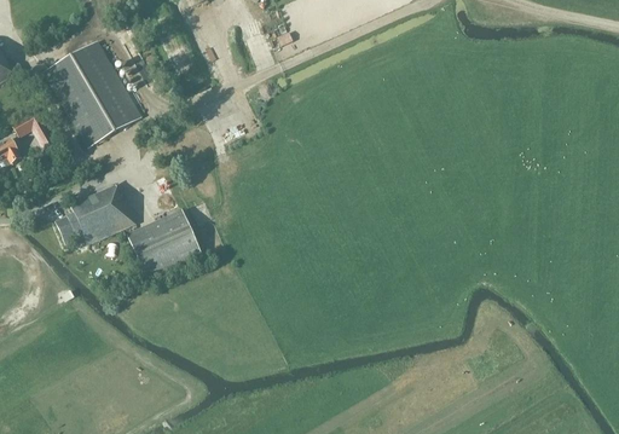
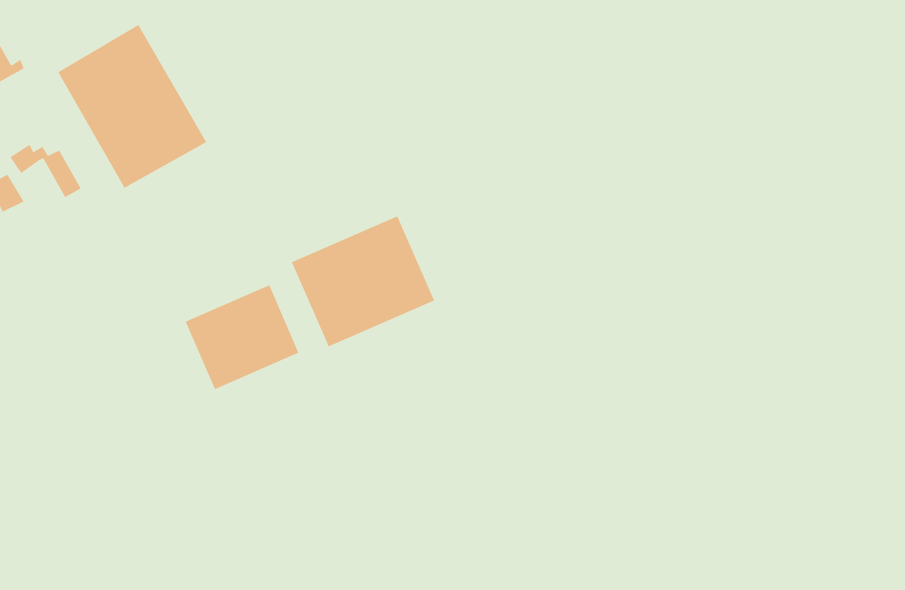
building: none -> [291,216,435,347]
building: [54,184,134,243] -> none

